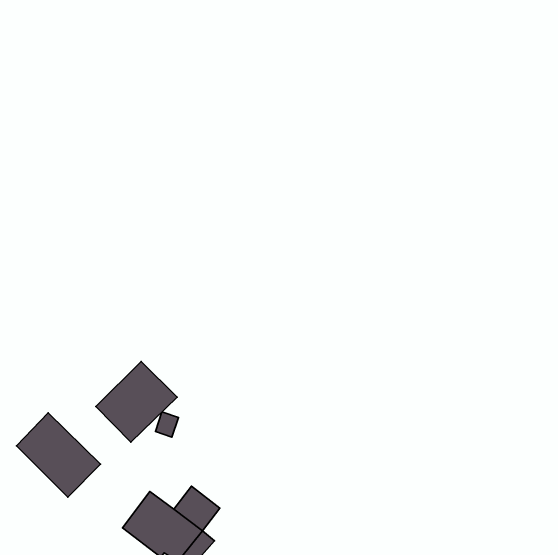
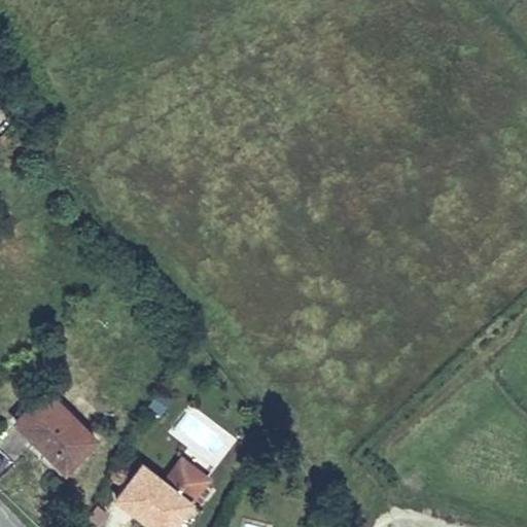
building: [96,361,177,442] -> none

